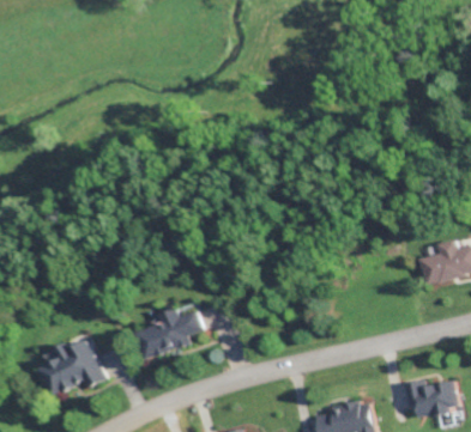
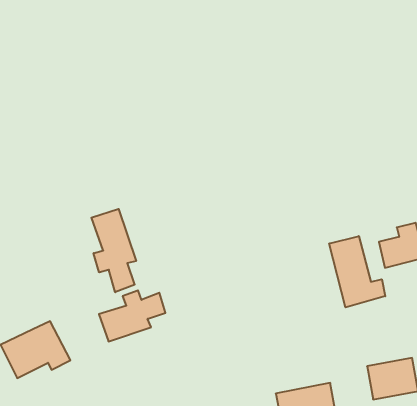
building: none -> [91,209,136,292]
building: none -> [329,236,385,307]

